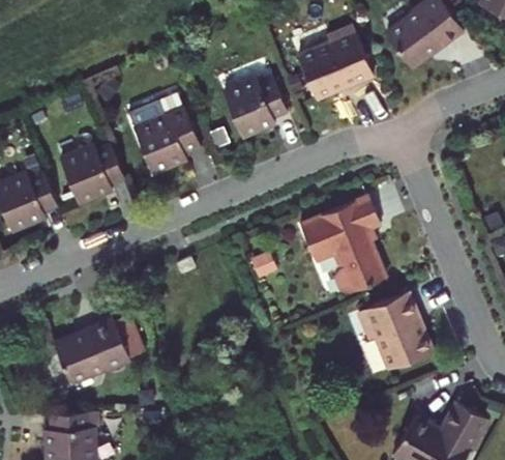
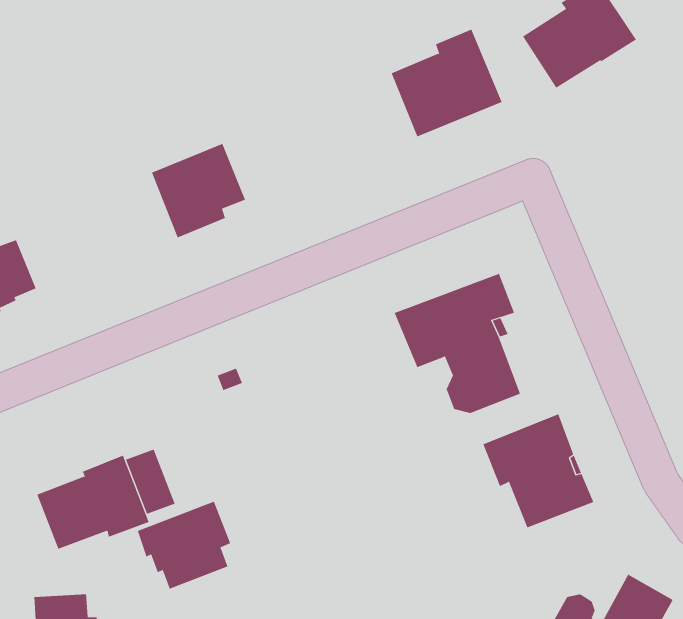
building: [221,78,285,137] -> none
building: [60,144,123,202] -> none
building: none -> [137,501,231,590]

